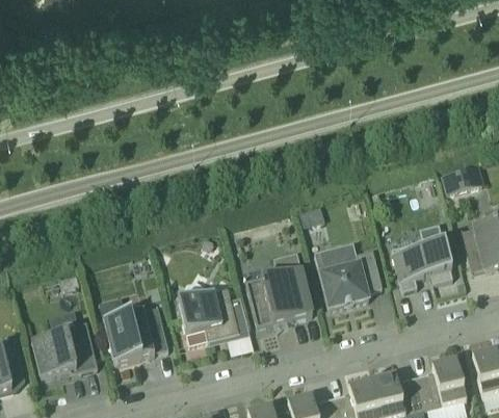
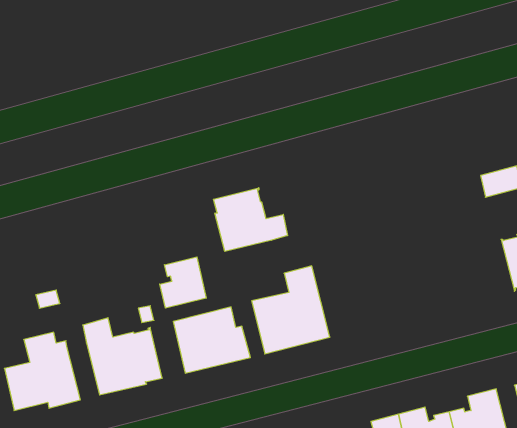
building: none -> [213,188,288,251]
building: [392,226,453,293] -> none
building: [314,244,383,312] -> none
building: none -> [160,257,206,308]

